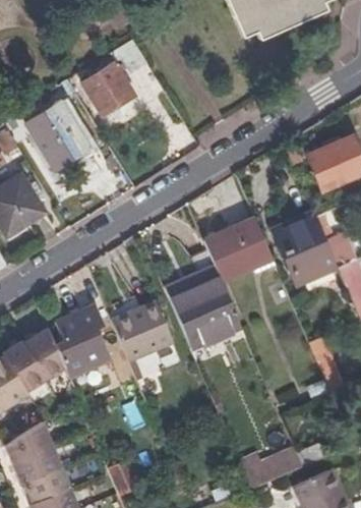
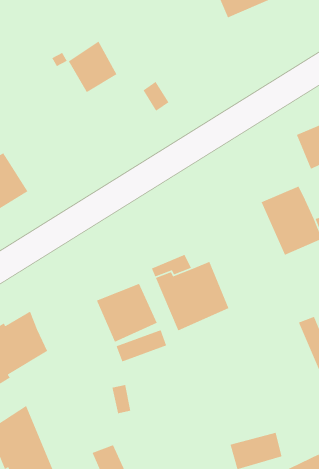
building: [28,102,88,170] -> none
building: [206,219,275,280] -> none
building: [55,305,111,378] -> none

